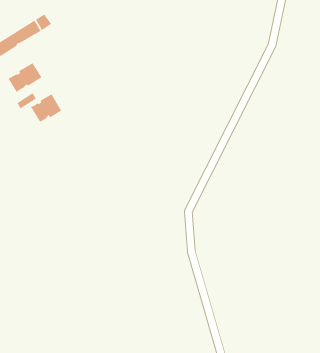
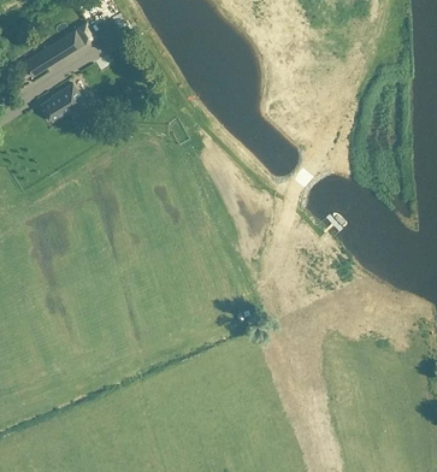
building: [30,93,62,123] -> none

